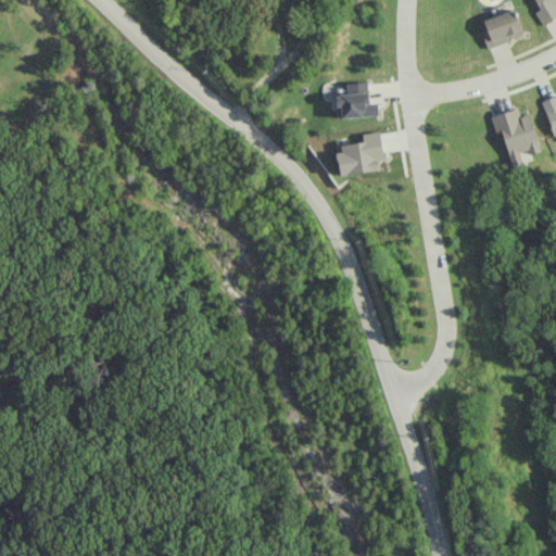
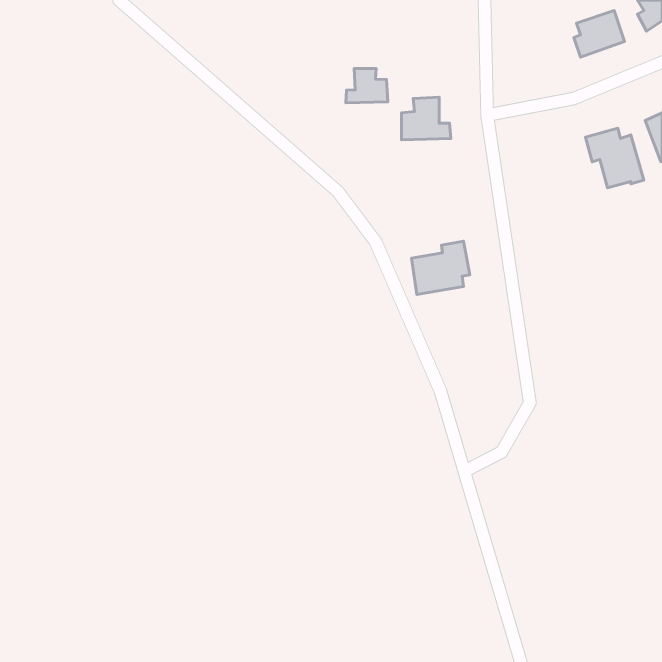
building: none -> [346,69,388,103]
building: [337,131,386,176] -> [412,241,470,294]

